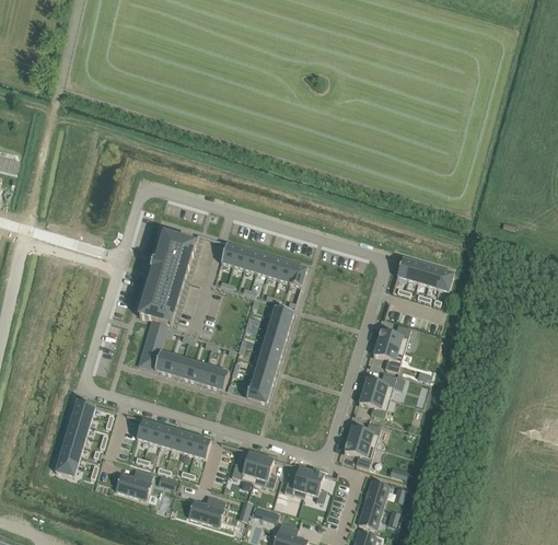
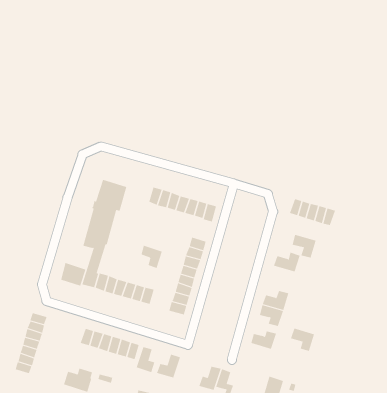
building: none -> [141,245,162,269]
building: none -> [60,262,86,287]
building: [373,340,404,370] -> [292,234,316,258]
building: [344,437,374,466] -> [290,328,315,352]
building: [253,454,277,487] -> [136,346,155,373]

